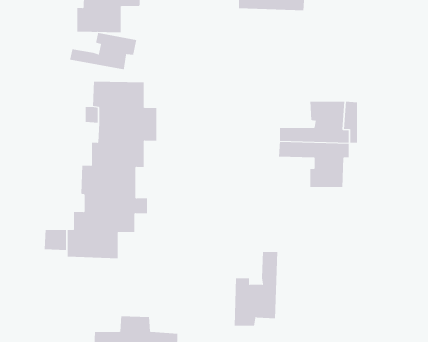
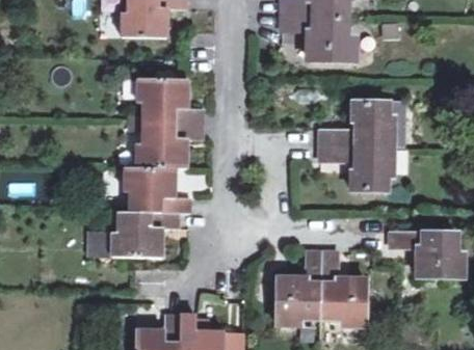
building: none -> [281,11,351,56]
building: [70,32,137,70] -> none
building: none -> [392,232,462,276]
building: none -> [318,251,362,326]

